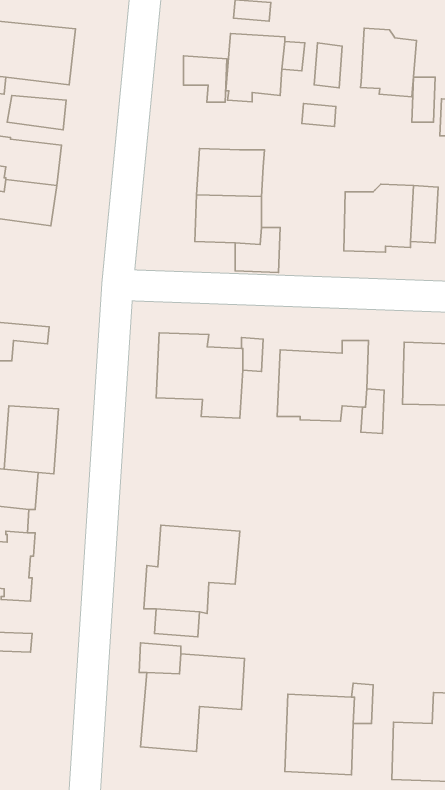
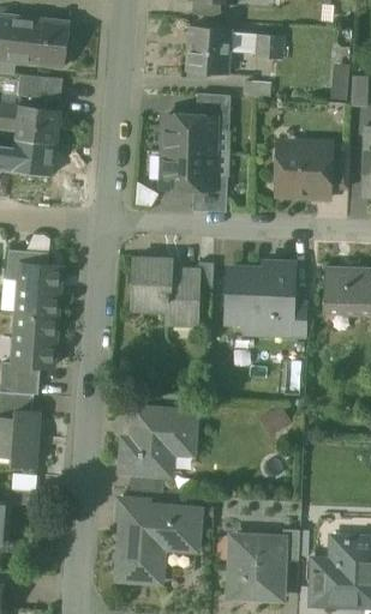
building: [360,28,417,97] -> none
building: [183,56,227,102] -> [196,94,229,130]
building: none -> [17,264,59,317]

